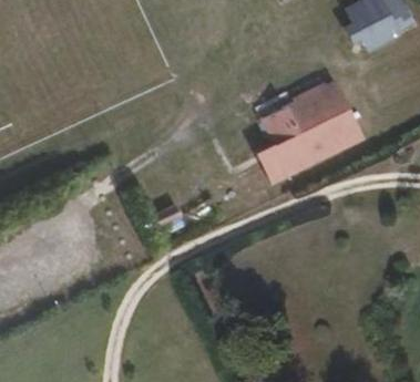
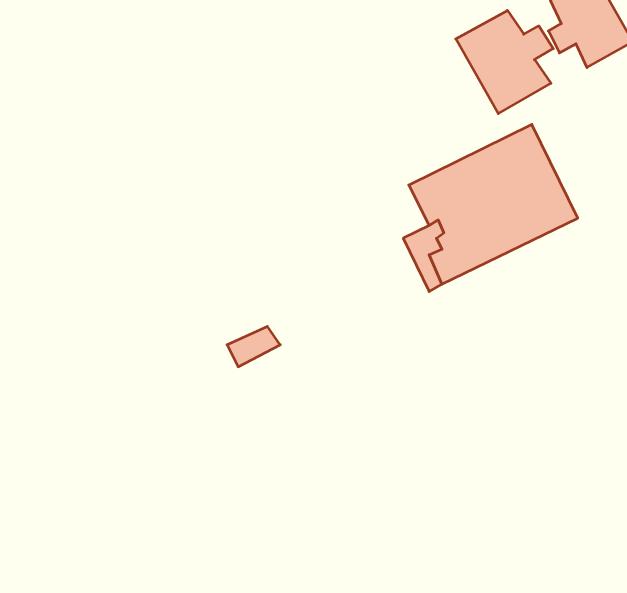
building: none -> [456,10,553,114]

